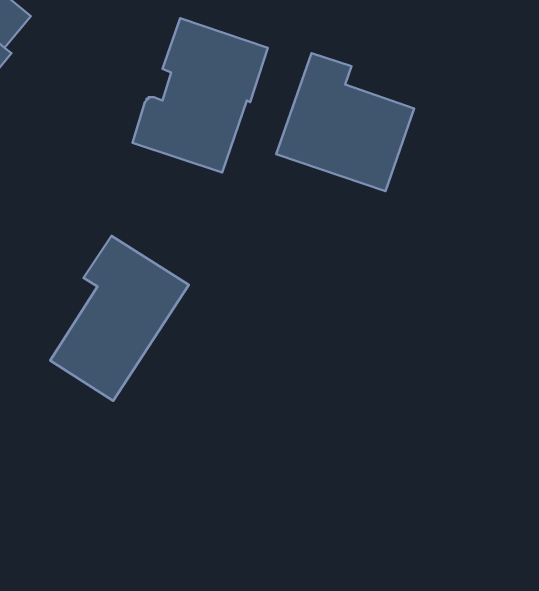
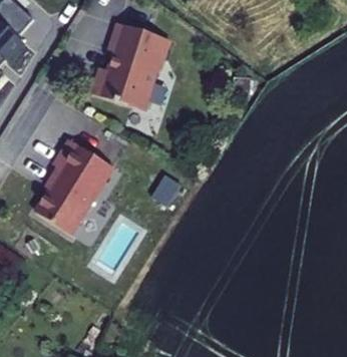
building: [276,53,414,191] -> none

